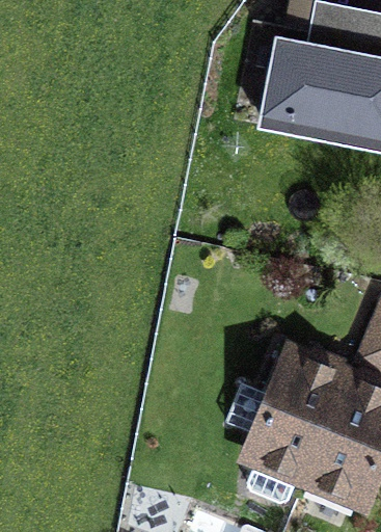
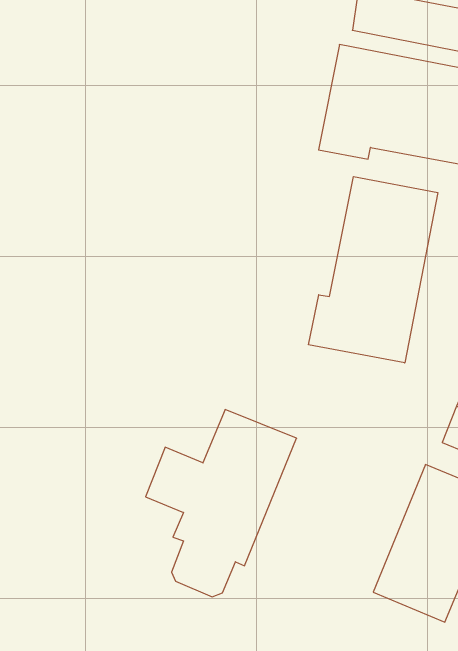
building: none -> [309,177,438,363]
building: [226,351,347,501] -> [146,410,297,597]

